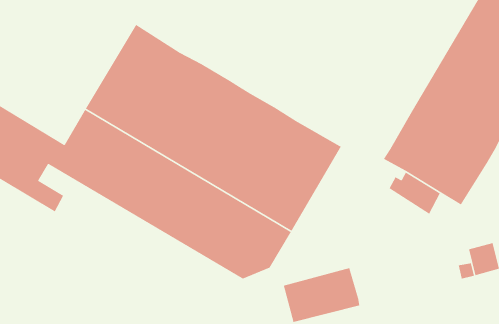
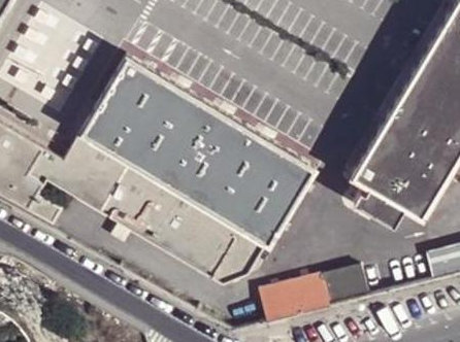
building: none -> [323,264,370,299]

